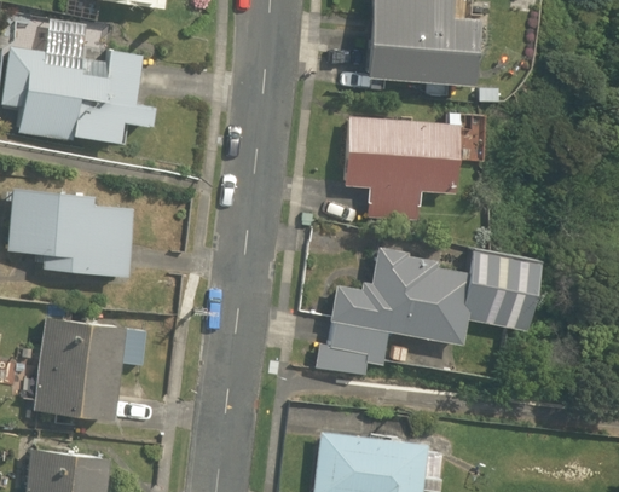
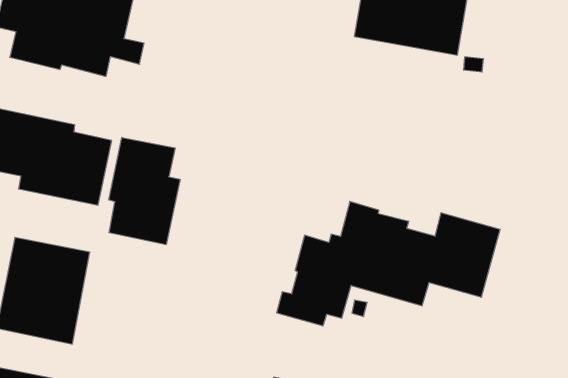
building: [348,114,467,222] -> none
building: none -> [109,137,180,245]

